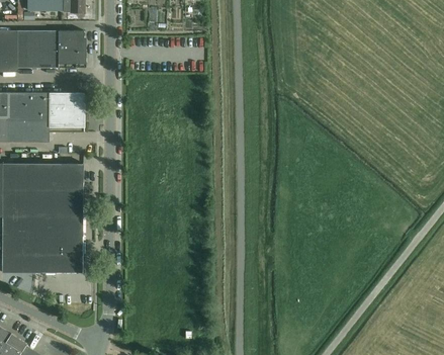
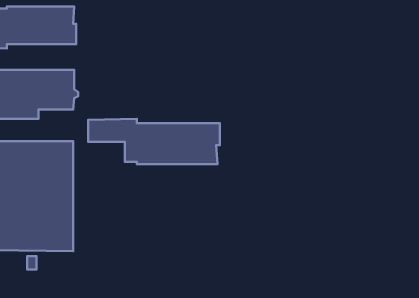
building: none -> [88,119,220,164]

